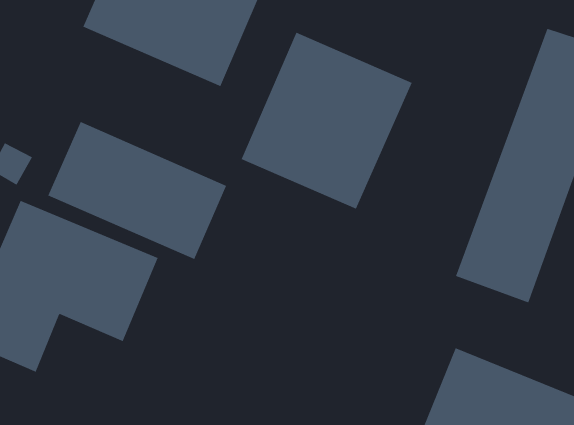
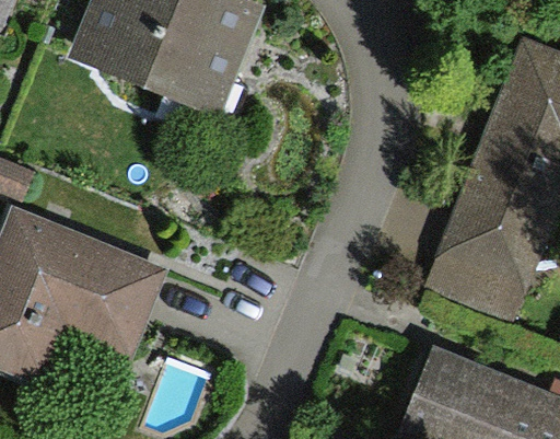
building: [241,32,412,209] -> none
building: [48,121,227,260] -> none

